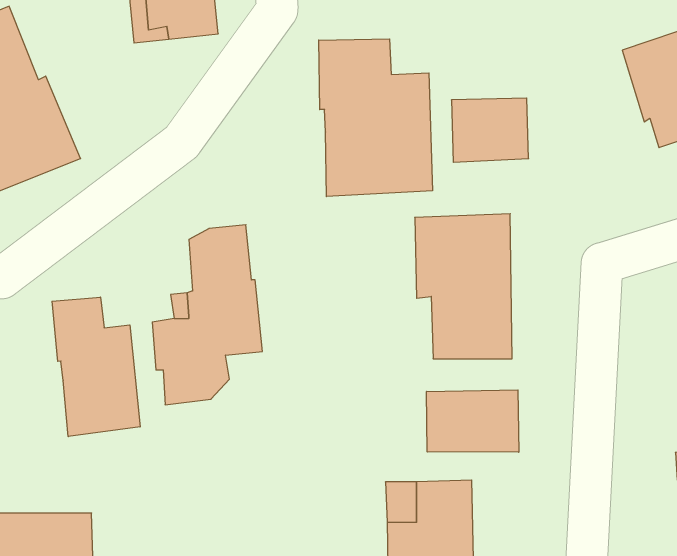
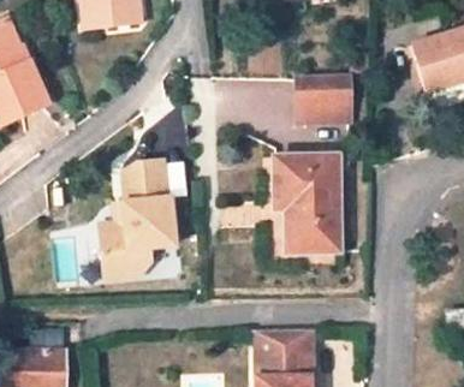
building: [319,39,432,197] -> none
building: [52,297,140,437] -> none
building: [427,390,519,452] -> none

